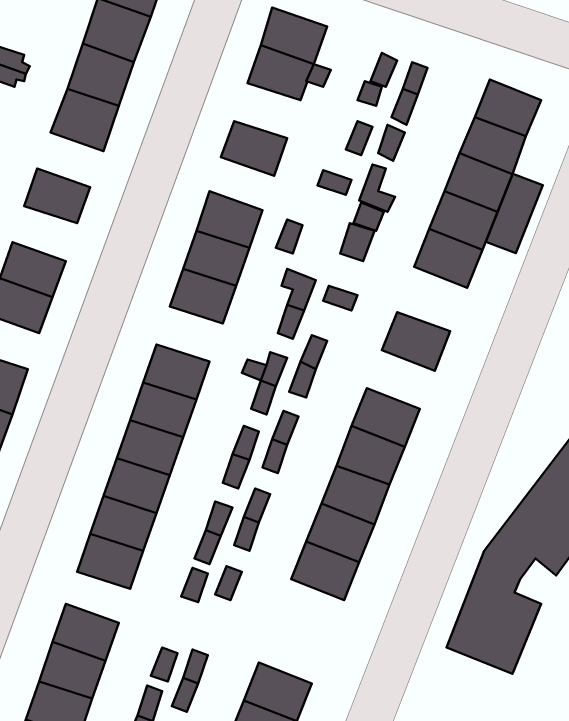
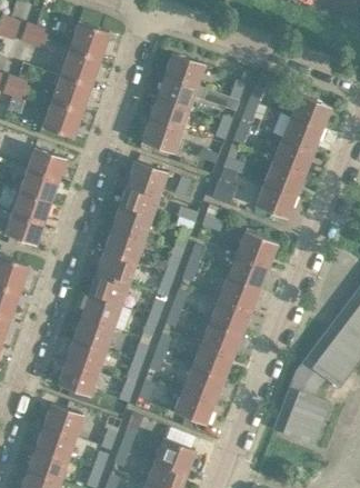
building: none -> [150,98,189,130]
building: [486,174,543,253] -> none
building: none -> [20,170,58,202]
building: none -> [104,229,143,261]
building: none -> [228,255,268,289]
building: none -> [174,389,214,424]

